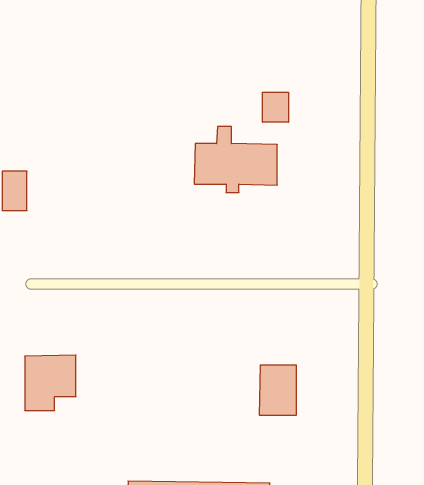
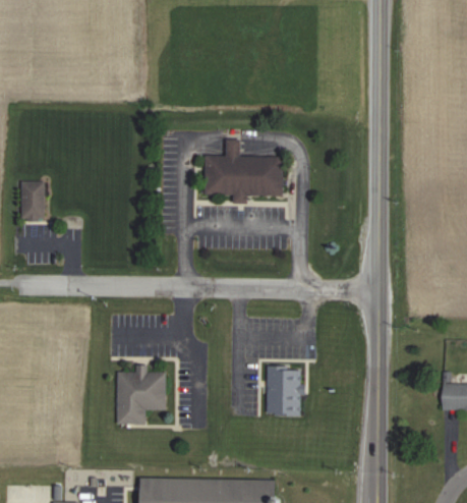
building: [263,92,288,122] -> none
building: [25,355,76,410] -> [117,371,166,424]

